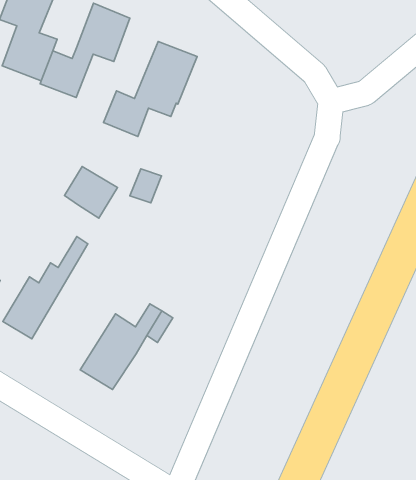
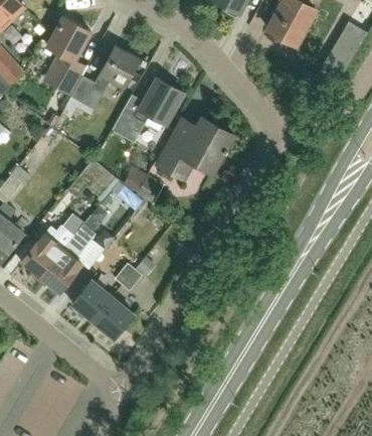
building: none -> [156,117,234,180]
building: none -> [40,224,105,292]
building: none -> [92,297,134,338]

